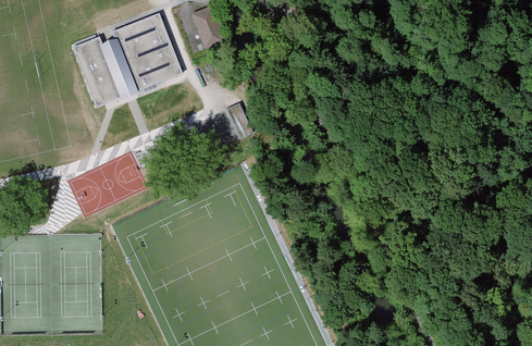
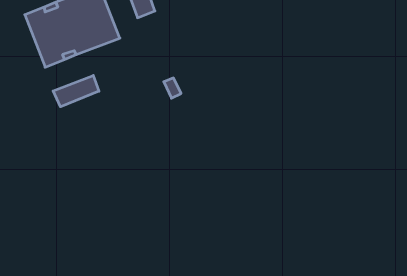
building: none -> [53,75,99,107]

